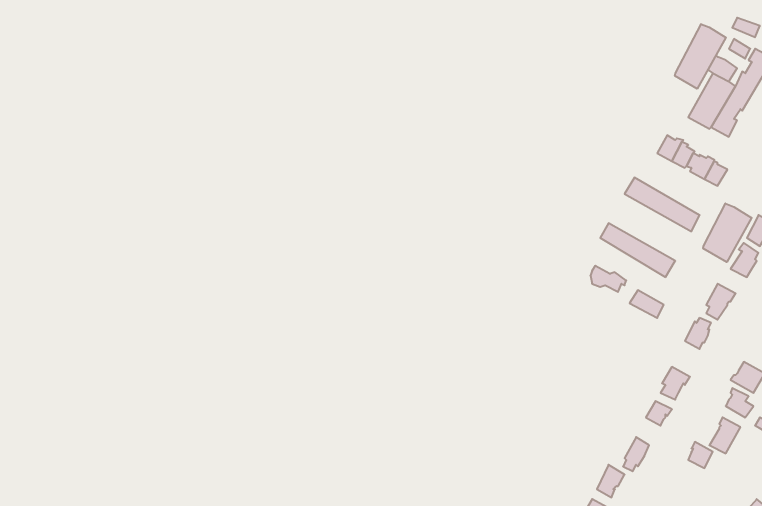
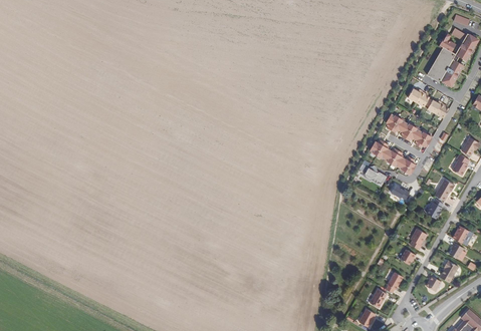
building: [675,24,726,89] -> none
building: [703,203,752,262] -> none

